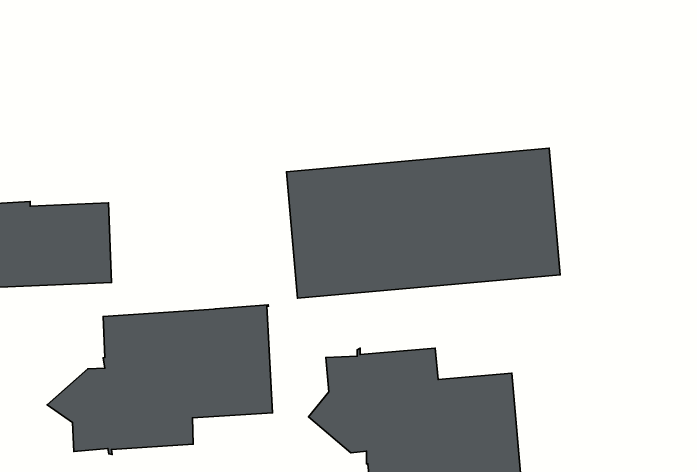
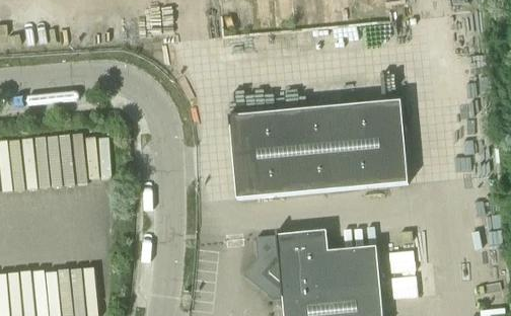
building: [47,305,272,455] -> none

